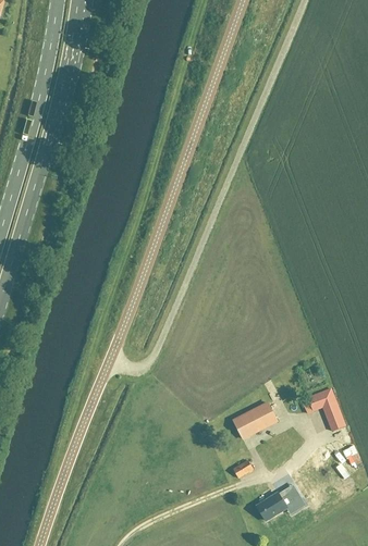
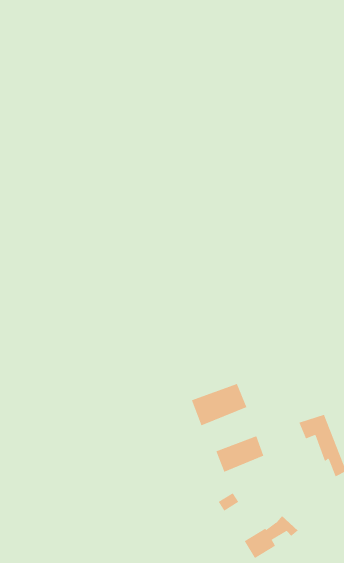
building: none -> [191,383,247,426]

